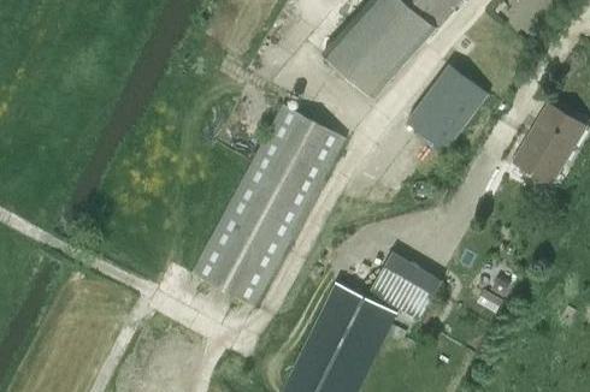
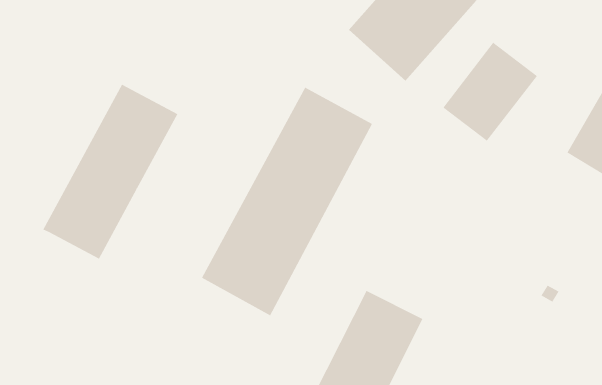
building: none -> [43,84,178,260]
building: [371,253,443,320] -> none

